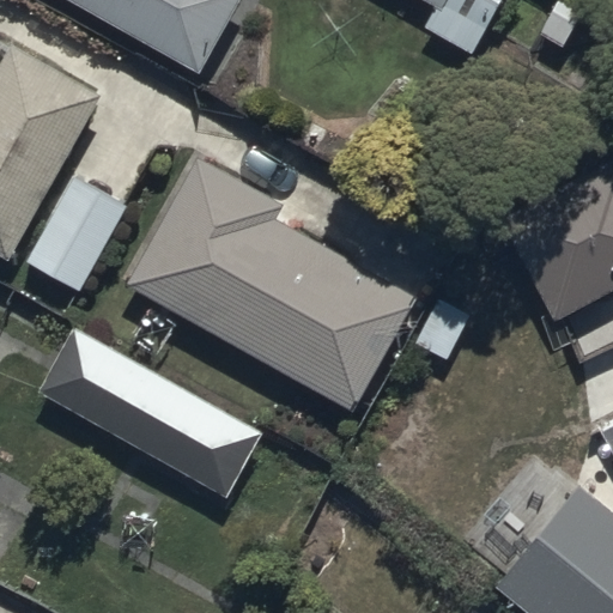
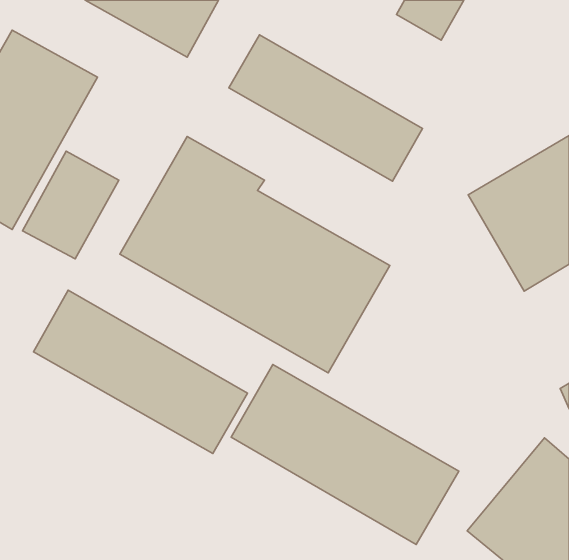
building: none -> [229,35,422,181]
building: none -> [231,365,459,545]

